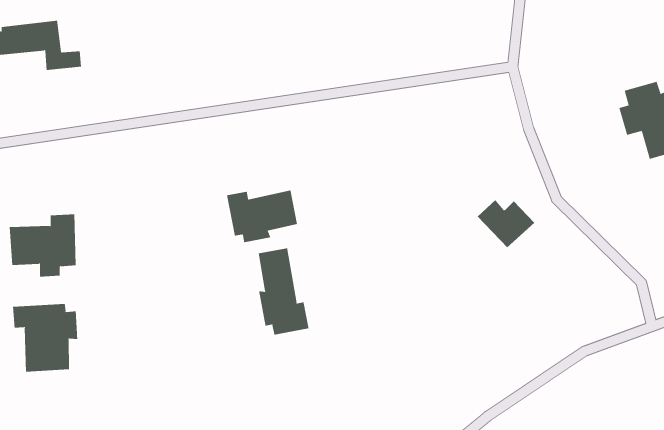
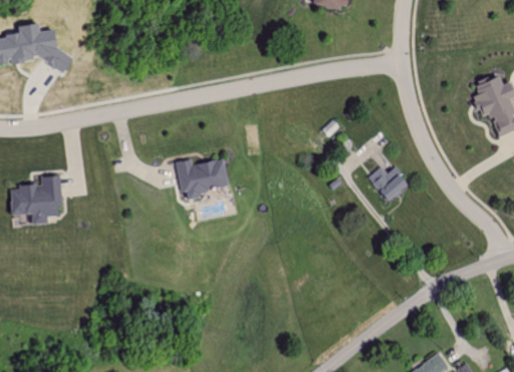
building: [258,247,309,335] -> none
building: [13,303,78,373] -> none

